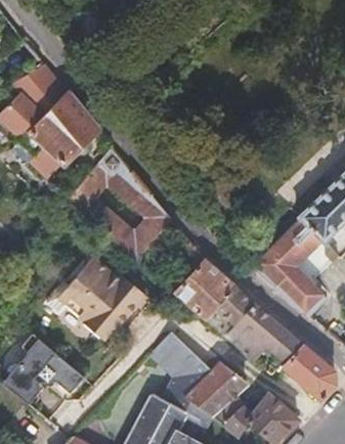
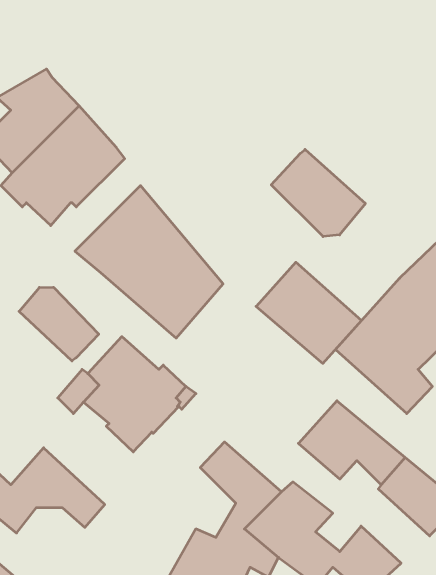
building: none -> [271,149,365,237]
building: none -> [19,287,99,361]
building: [177,262,253,335] -> [256,262,361,363]

